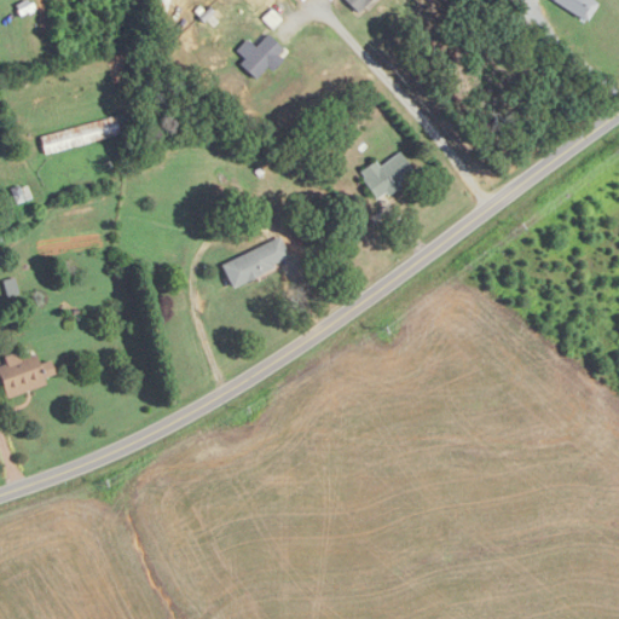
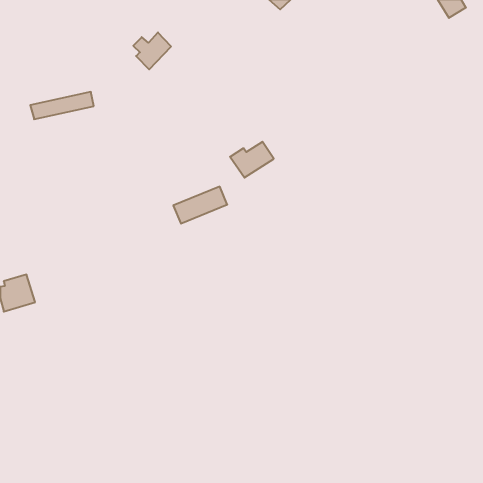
building: [237,33,285,80] -> [133,32,171,69]
building: [359,151,415,197] -> [230,142,274,178]

